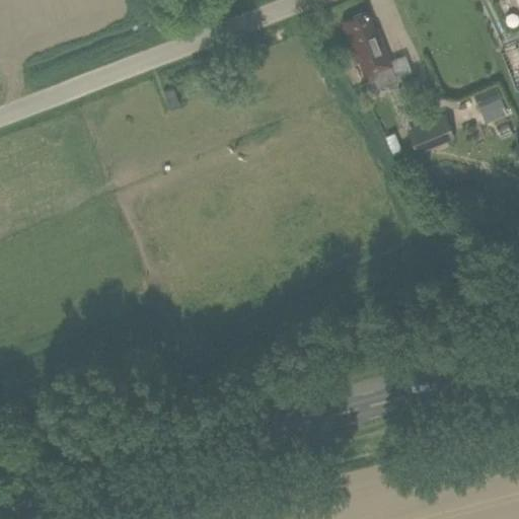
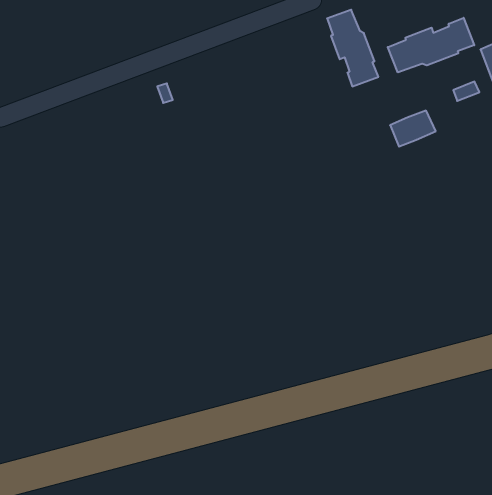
building: none -> [388,18,474,72]

